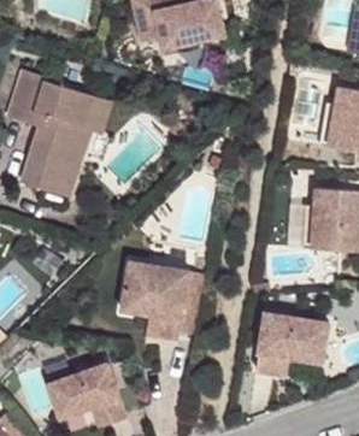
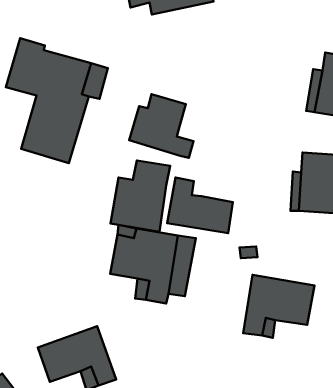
building: none -> [129,94,194,158]
building: none -> [111,160,170,232]
building: none -> [167,177,233,233]

